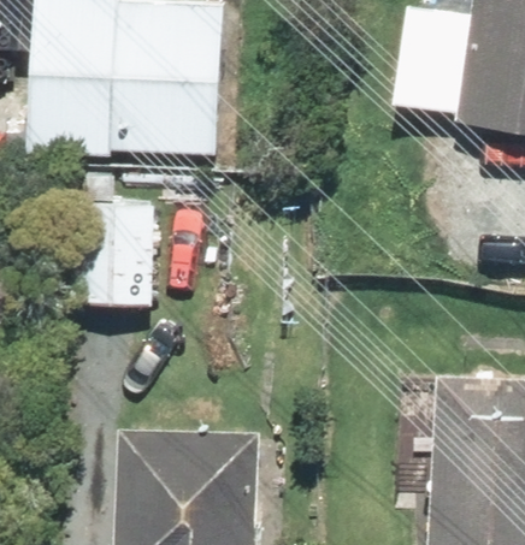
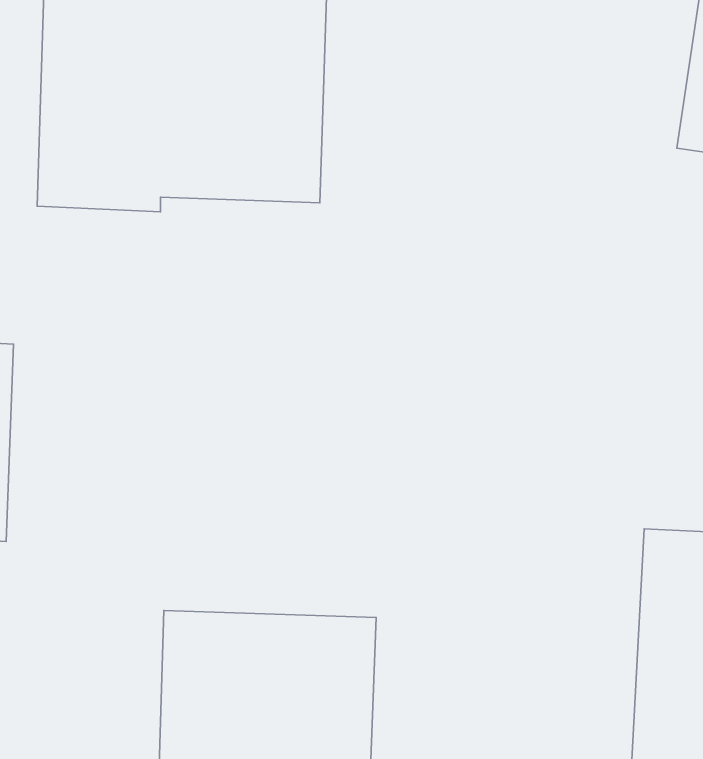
building: [76,203,157,309] -> none

